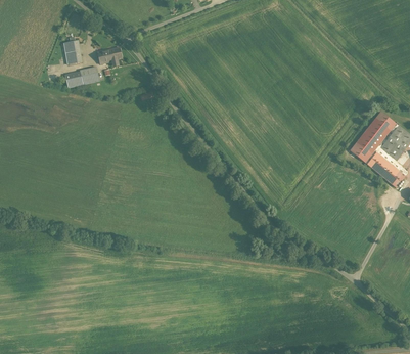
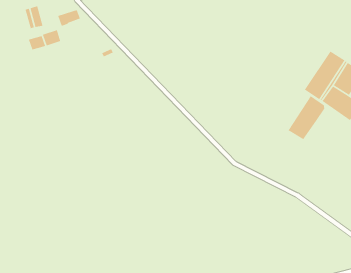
building: none -> [288,95,325,140]

